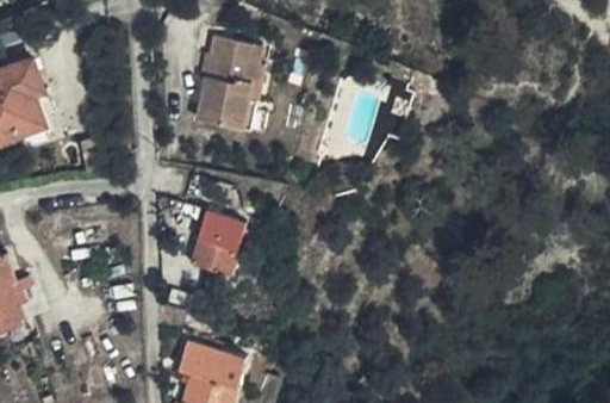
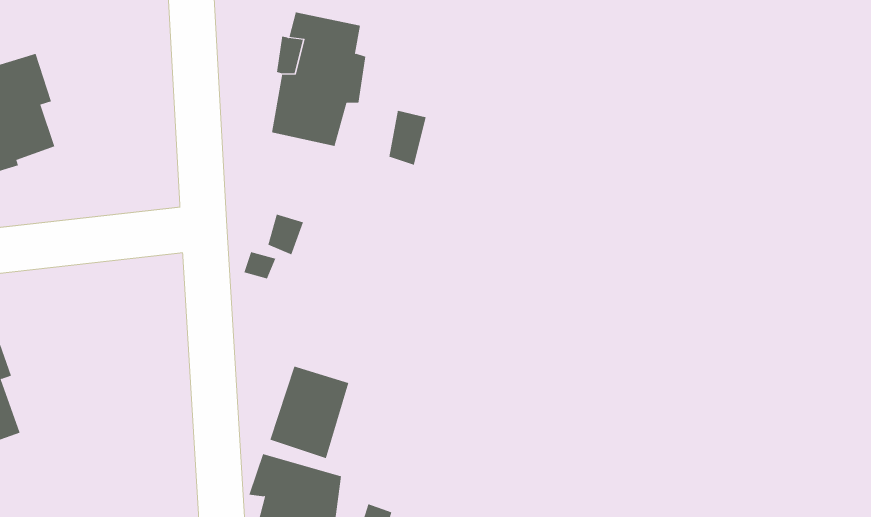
building: [186,210,241,274] -> [270,366,349,459]

